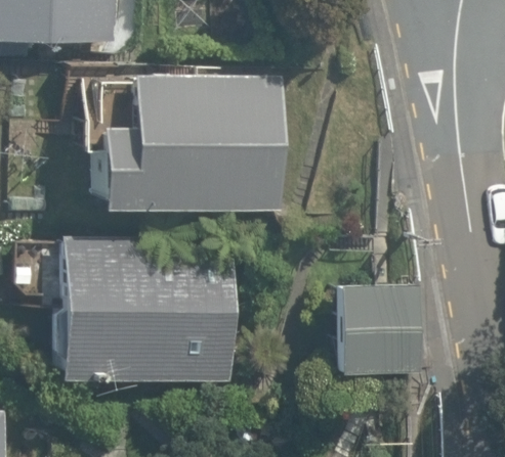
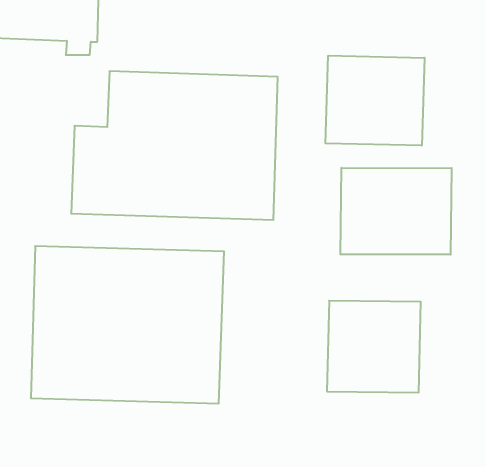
building: none -> [325,56,425,146]
building: none -> [340,168,452,255]

